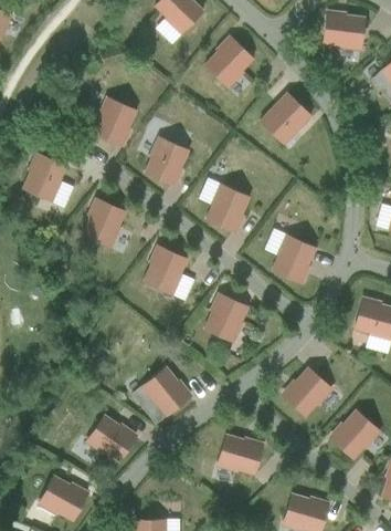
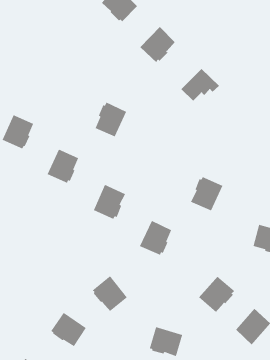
building: [324,12,364,50] -> none
building: [94,98,137,145] -> none
building: [207,185,250,232] -> none

